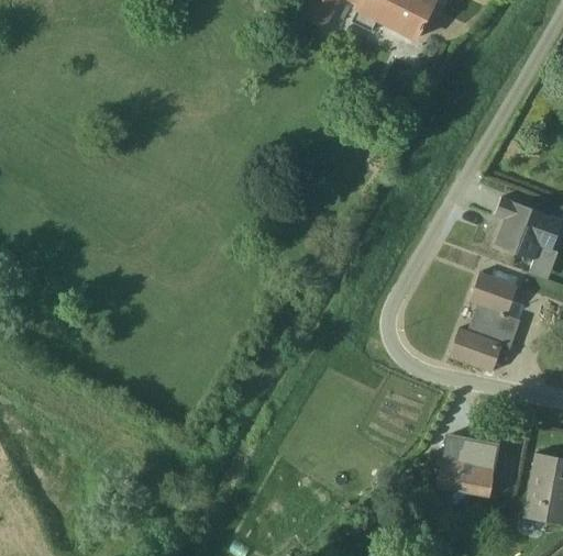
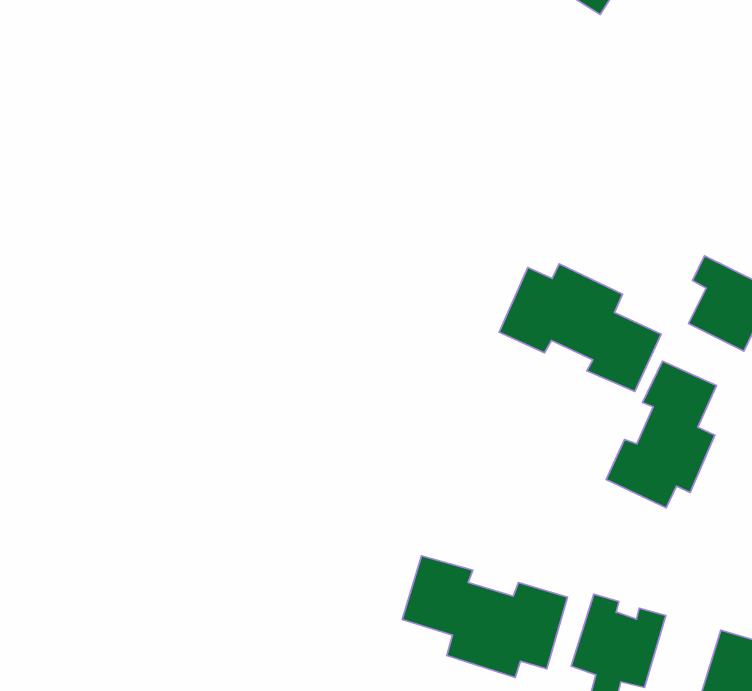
building: none -> [499,264,661,392]
building: none -> [402,556,567,677]

